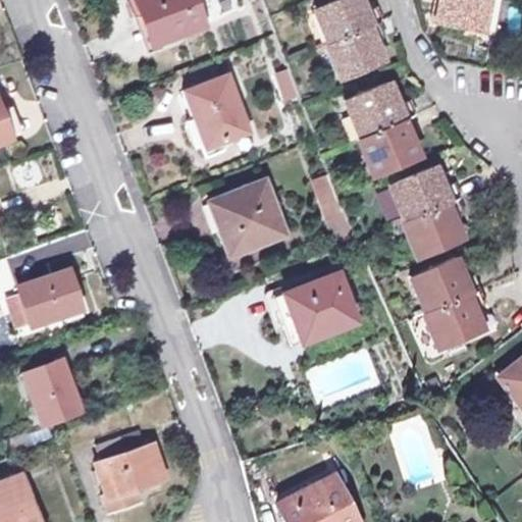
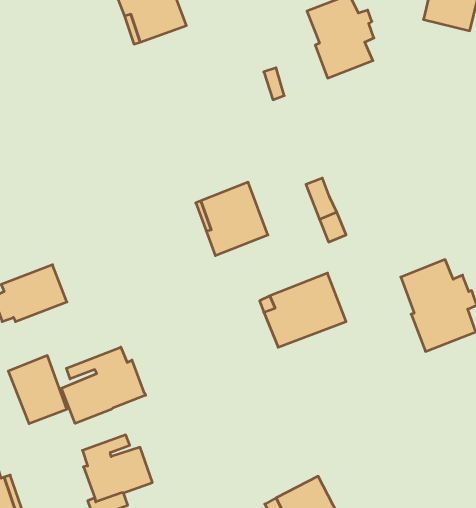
building: [175,74,247,163] -> none
building: [349,84,419,173] -> none
building: [395,168,466,259] -> none
building: none -> [61,347,146,423]

